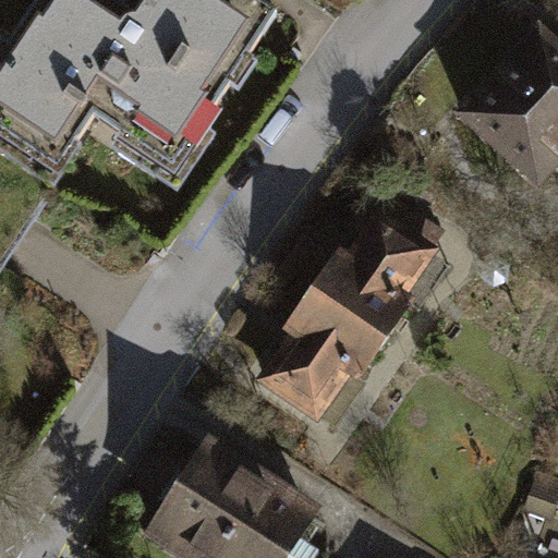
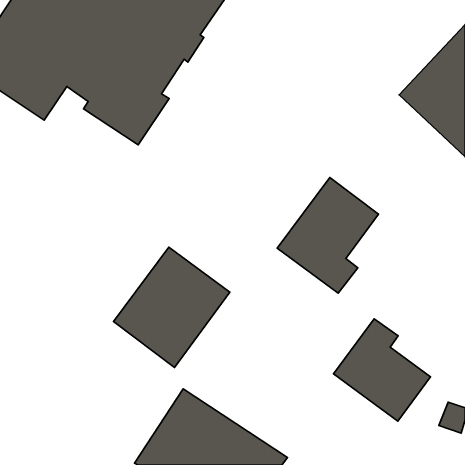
building: [257,288,392,427] -> [113,247,230,367]
building: none -> [333,319,430,421]

